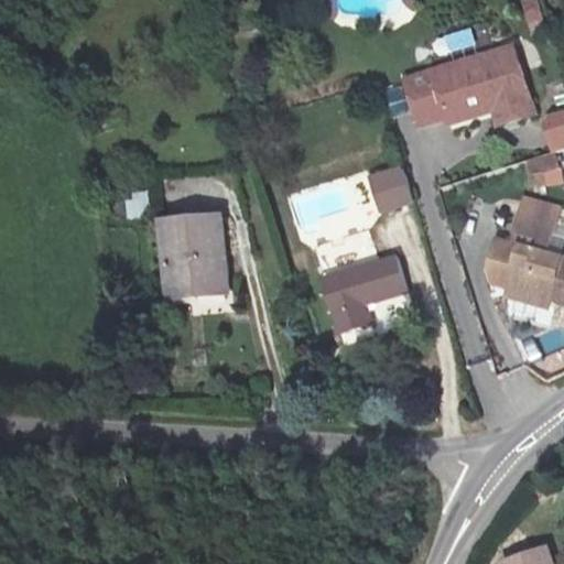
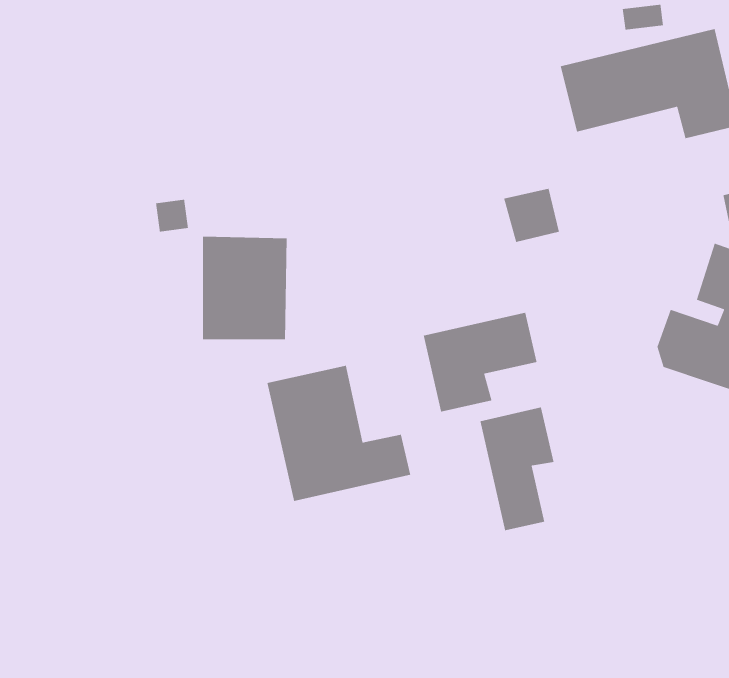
building: none -> [266,365,411,502]
building: none -> [480,407,554,531]

